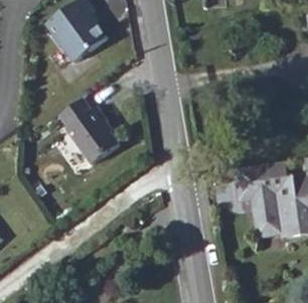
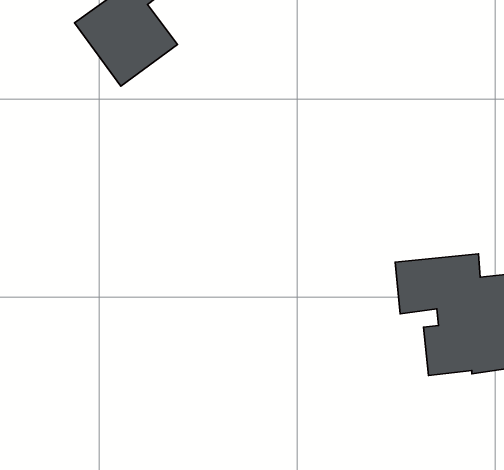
building: [59,95,120,161] -> none

